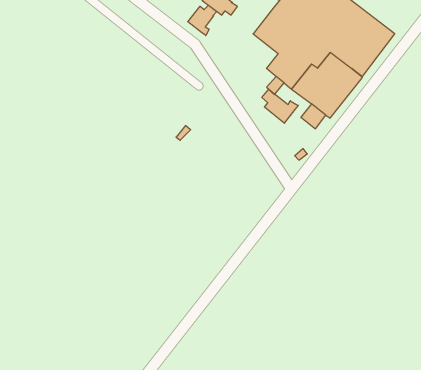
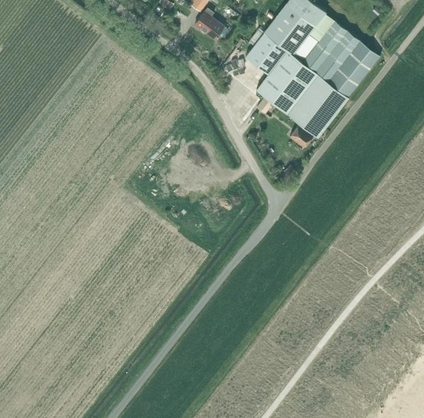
building: [188,5,217,36] -> none
building: [262,89,298,123] -> none

